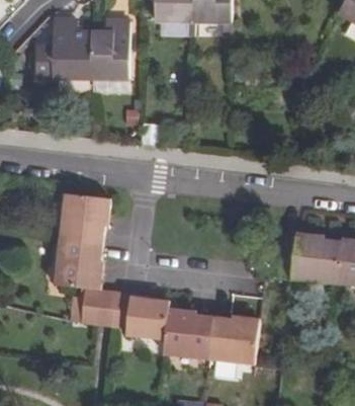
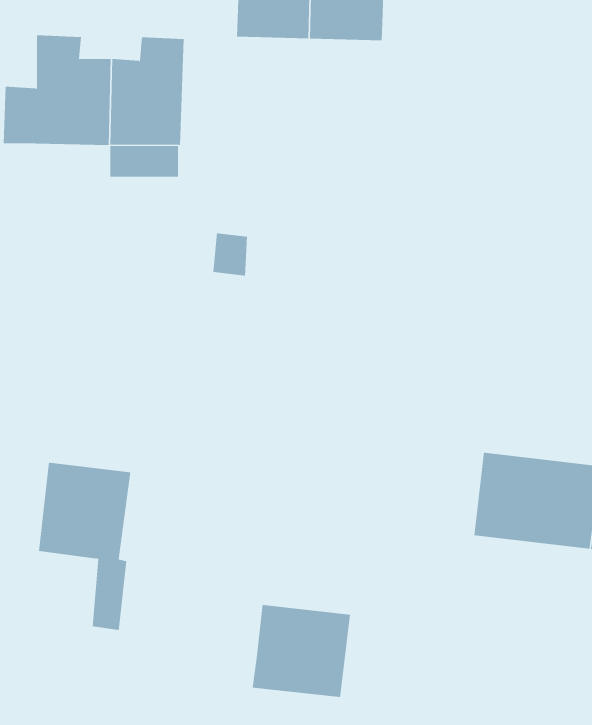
building: [60,193,108,243] -> none
building: [112,292,170,338] -> none
building: [209,316,259,363] -> none

